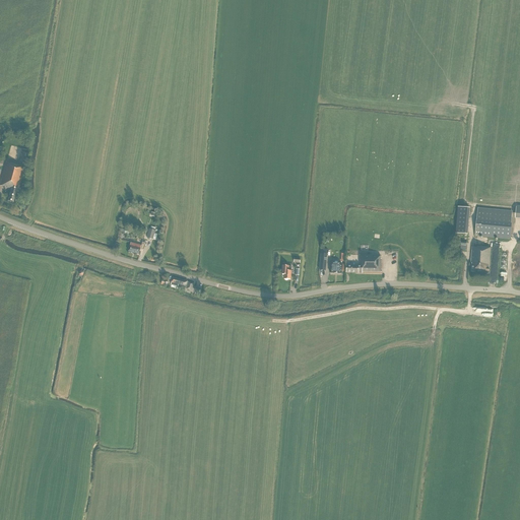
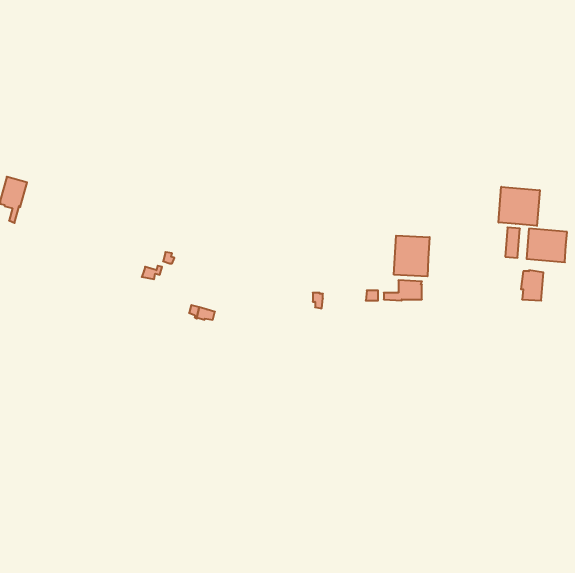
building: none -> [499,187,540,226]
building: none -> [394,236,430,276]

